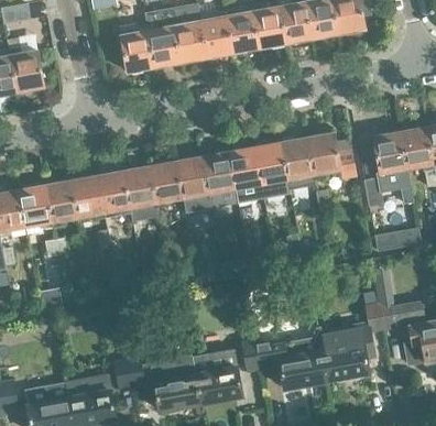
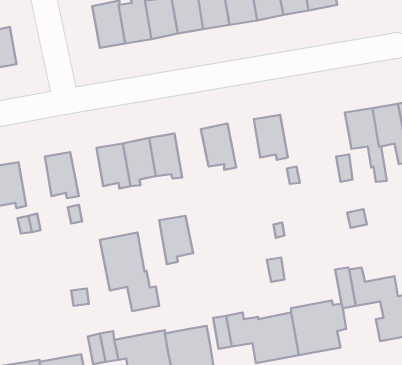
building: [308,133,357,182] -> none
building: [255,143,288,192] -> none
building: [203,153,237,201] -> [159,216,193,264]
building: [98,172,131,220] -> none
building: [46,181,79,230] -> none
building: none -> [100,232,159,311]

